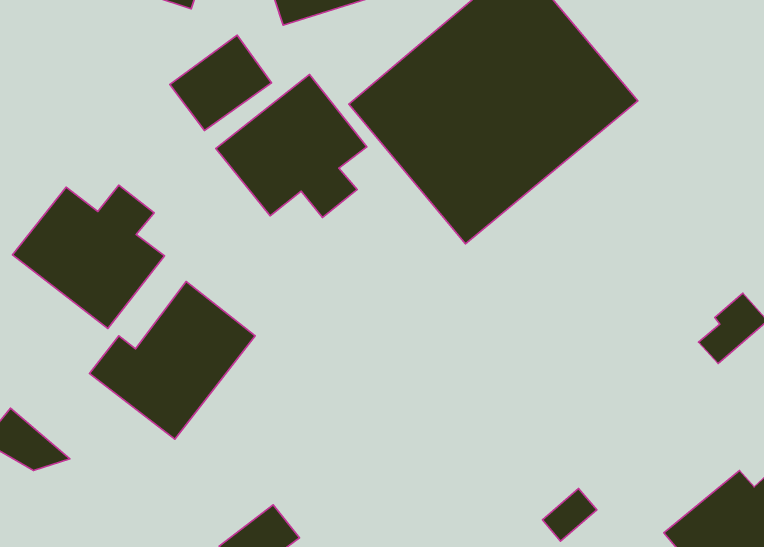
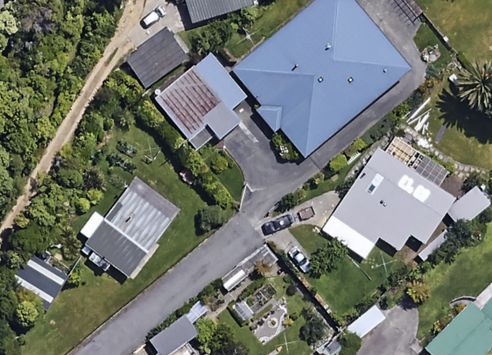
building: [13,185,165,329] -> none
building: none -> [323,133,453,258]

